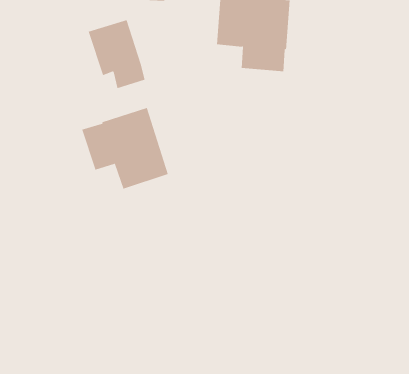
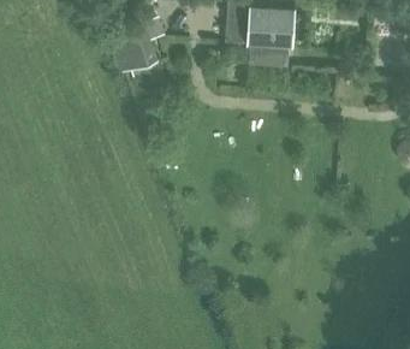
building: [81,107,169,189] -> none

